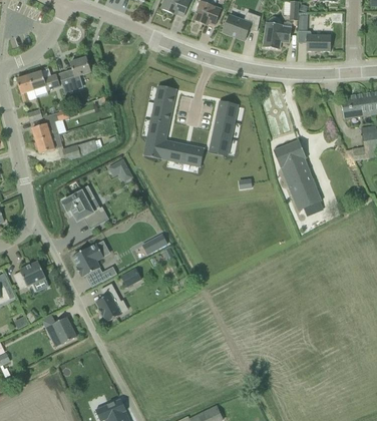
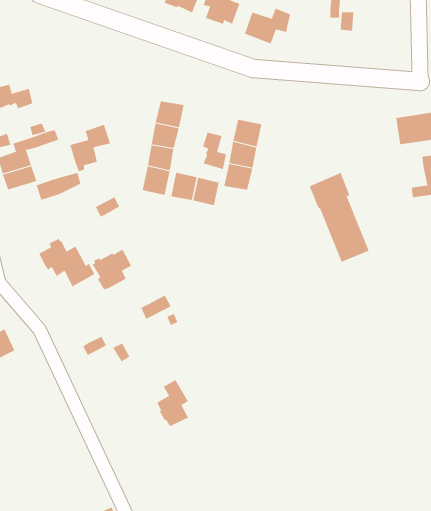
building: [263,22,292,49] -> none
building: [306,34,331,51] -> none
building: [59,57,91,94] -> [69,124,111,172]
building: none -> [202,132,227,170]
building: [73,245,104,277] -> [92,249,132,290]
building: [96,284,121,321] -> [156,379,189,427]
building: [47,317,77,343] -> none

